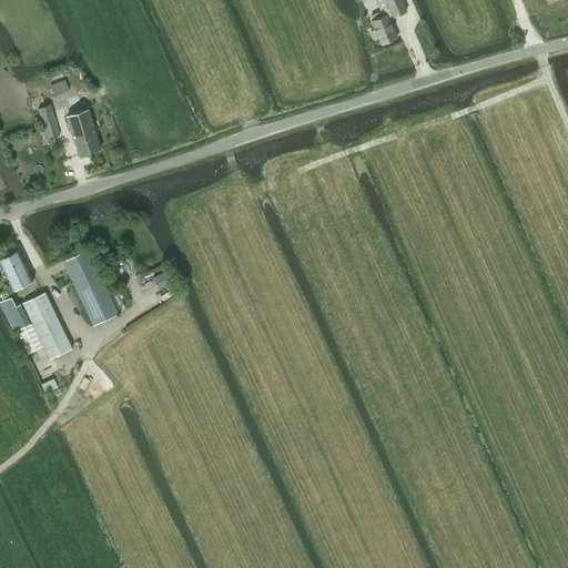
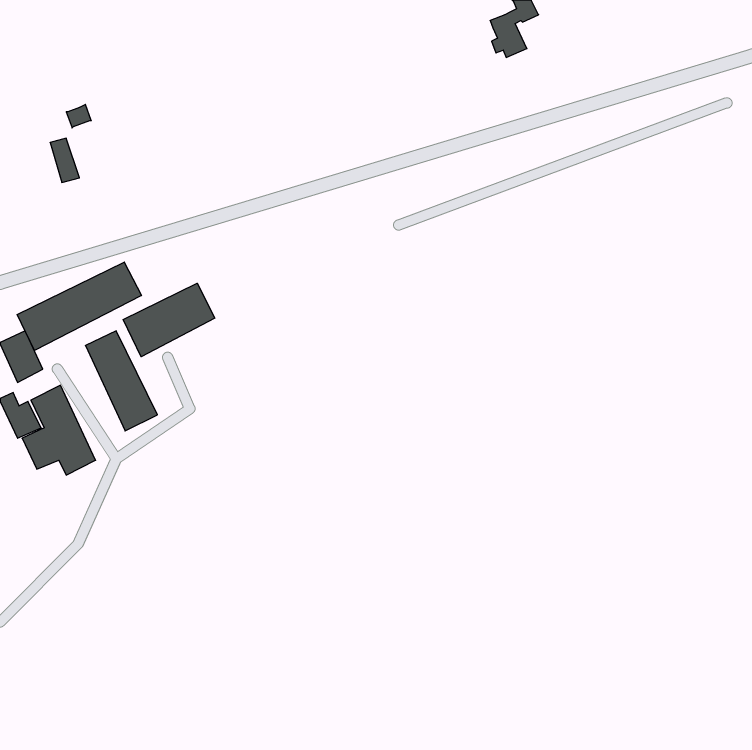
building: [67,110,101,156] -> none
building: none -> [17,262,141,351]
building: none -> [123,283,215,357]

